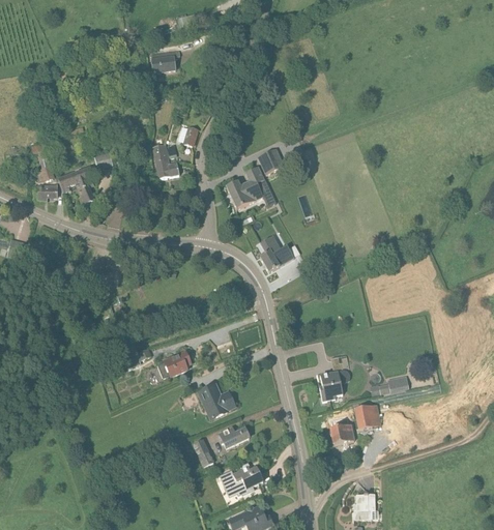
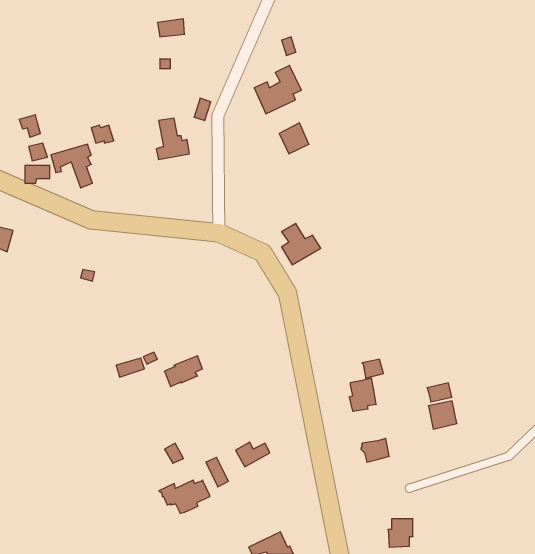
building: [227,166,268,208] -> [254,65,301,114]
building: [198,384,234,416] -> none
building: [355,404,380,429] -> [428,401,457,429]
building: [219,466,263,495] -> [159,480,210,513]

